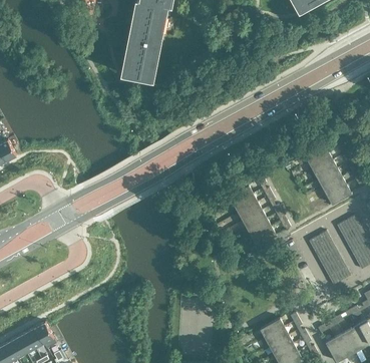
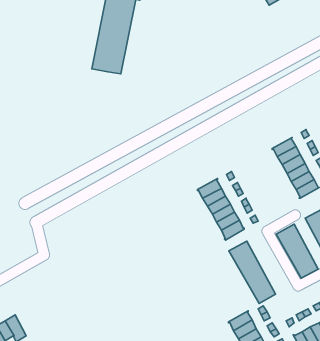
building: none -> [229,241,276,304]

